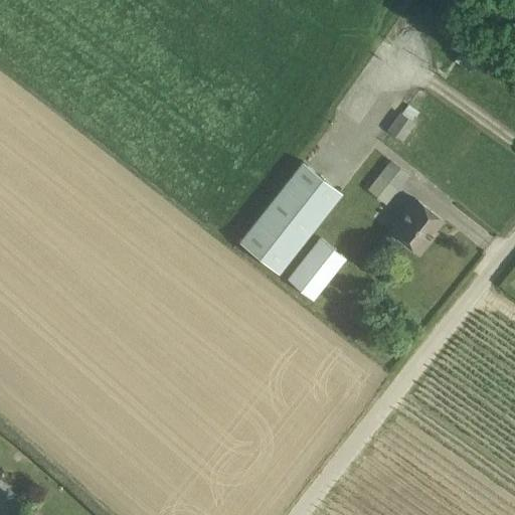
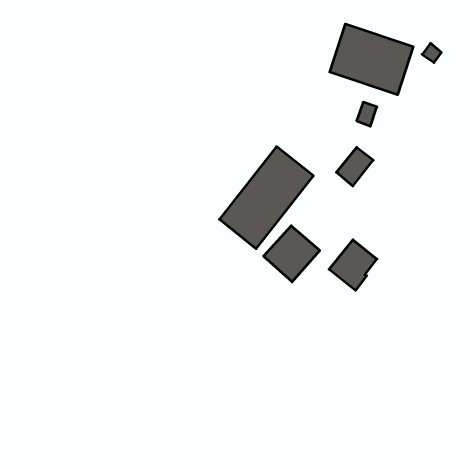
building: none -> [330,24,413,95]
building: [389,200,442,255] -> [329,240,377,290]

